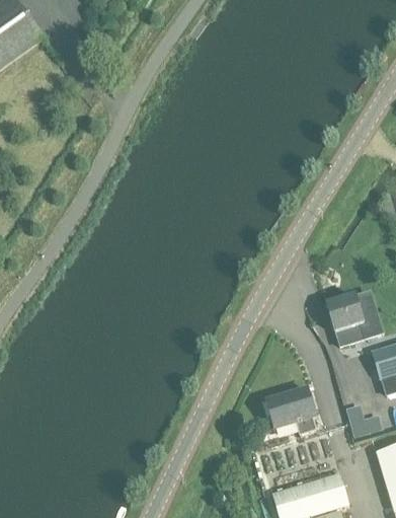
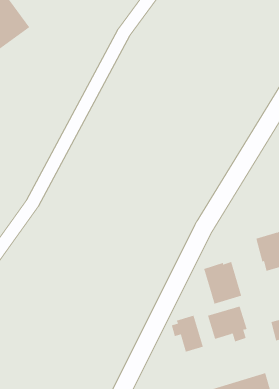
building: none -> [203,261,242,304]
building: none -> [171,315,204,353]

